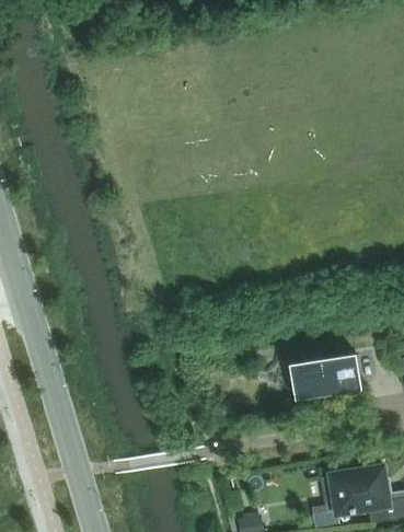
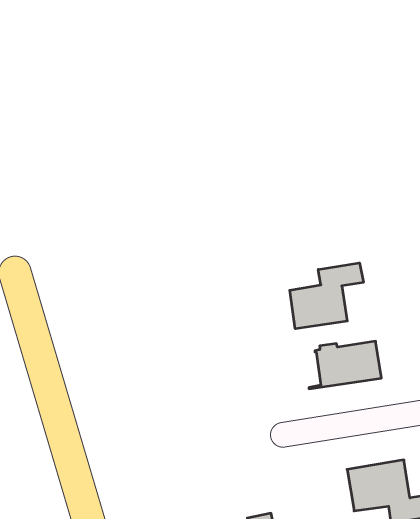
building: none -> [290,263,363,329]

